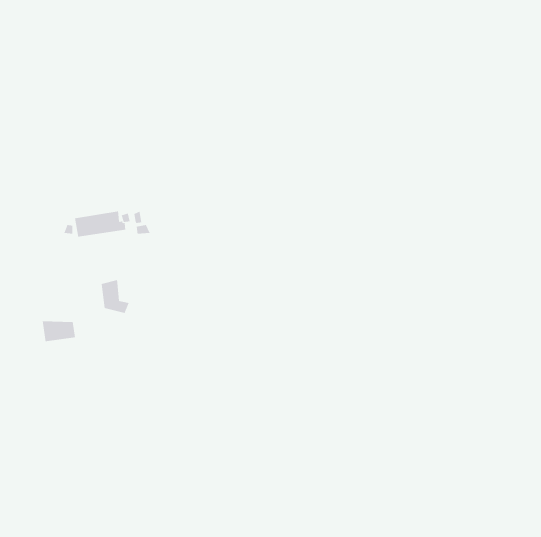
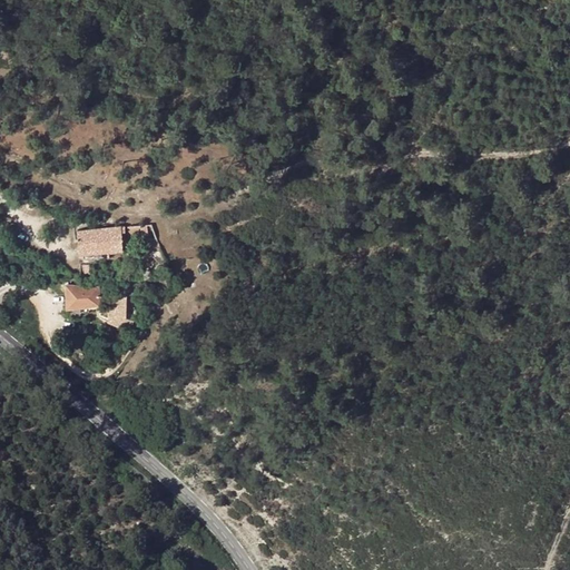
building: [42,321,76,342] -> [63,286,99,308]

